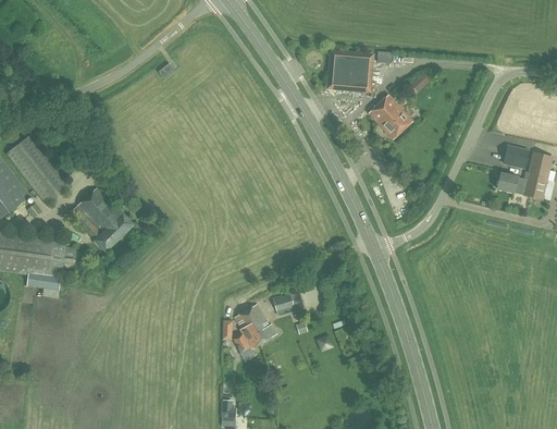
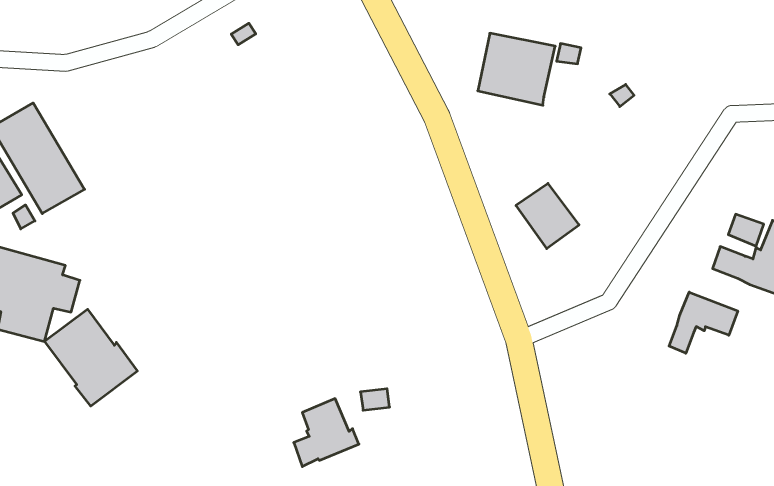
building: [368,95,411,138] -> [516,183,579,249]
building: [69,187,133,252] -> [45,309,137,406]
building: none -> [669,292,738,353]

